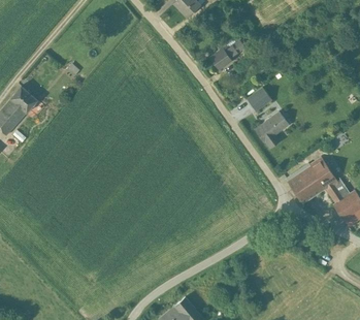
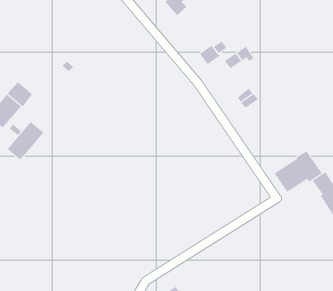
building: [255,110,289,148] -> none
building: none -> [7,121,44,161]

